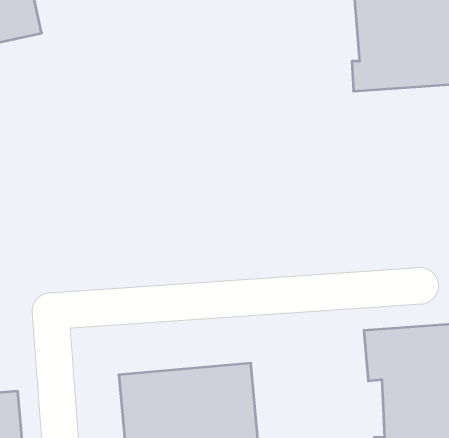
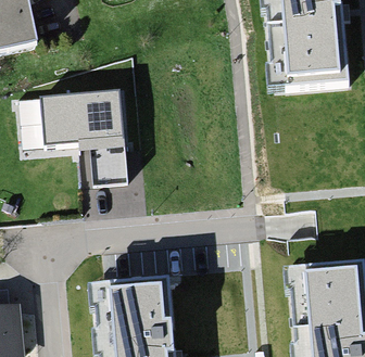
building: none -> [32,79,130,189]

